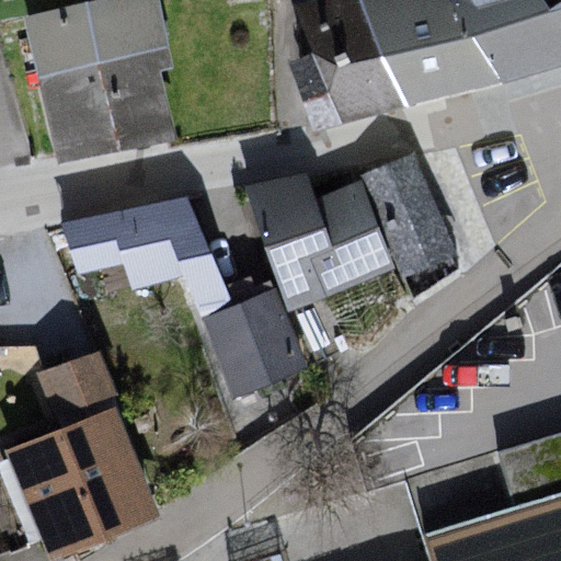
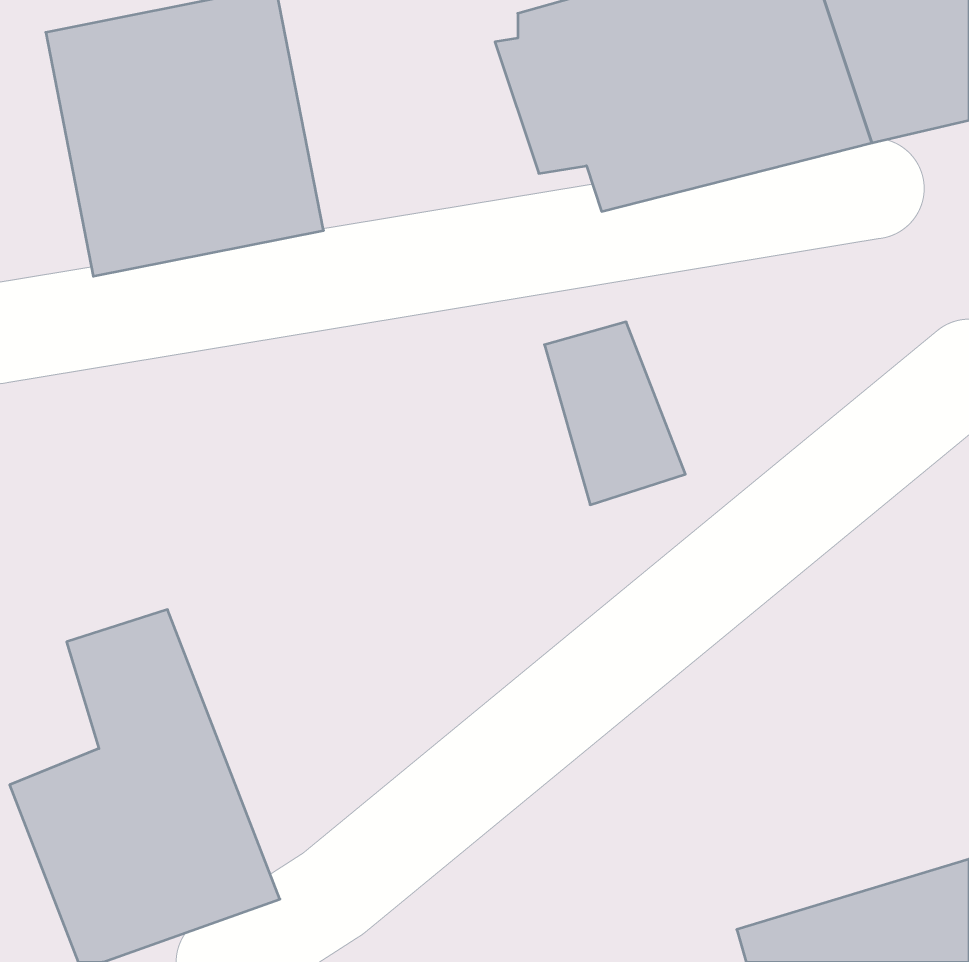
building: [360,157,455,299] -> none
building: [248,181,340,305] -> none
building: [65,202,176,280] -> none
building: [198,278,306,394] -> none

